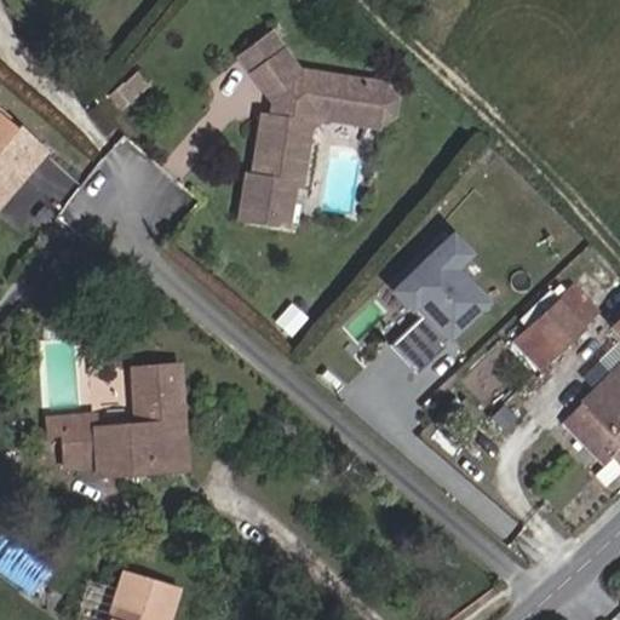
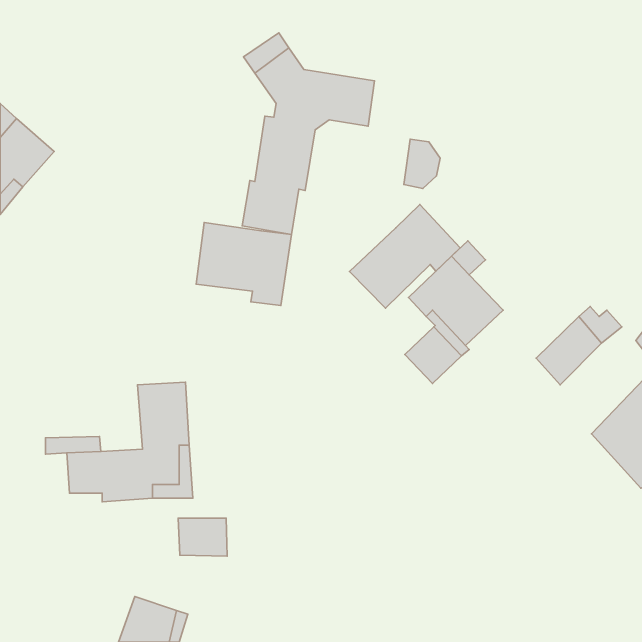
building: [356,78,391,125] -> [404,139,440,188]
building: none -> [350,205,460,308]
building: none -> [196,222,291,306]
building: none -> [178,518,227,556]

